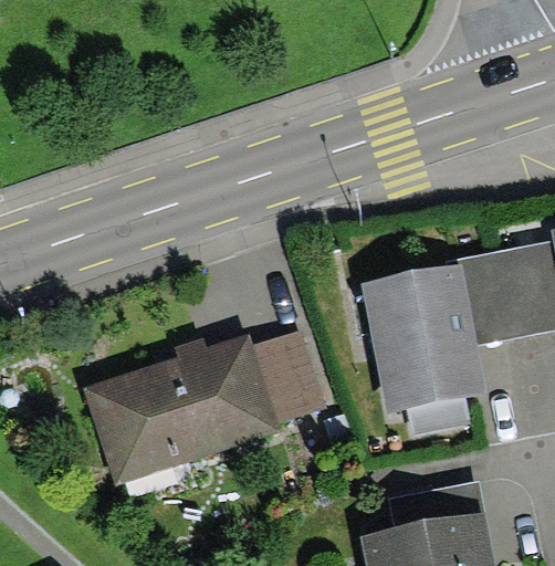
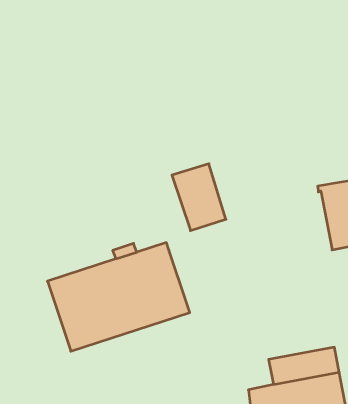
building: [362,265,485,413] -> none
building: [252,331,326,422] -> [172,164,226,231]

